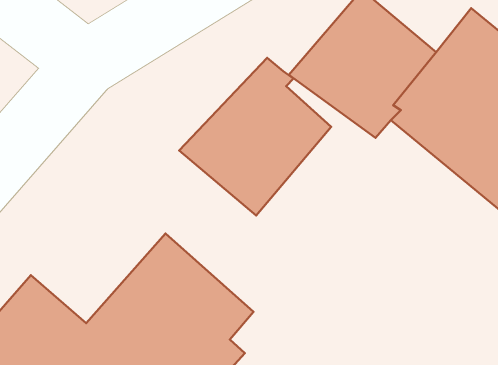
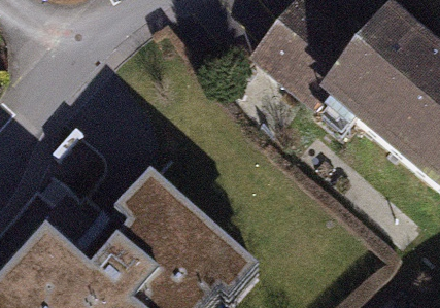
building: [179,58,331,216] -> none

